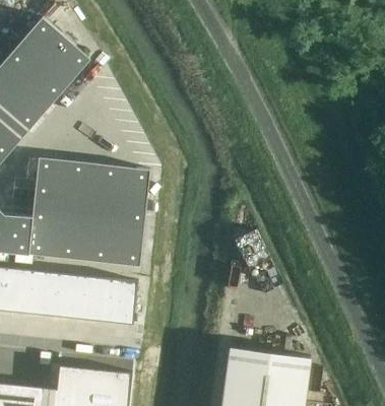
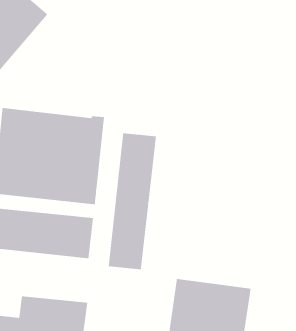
building: none -> [108,132,156,270]

